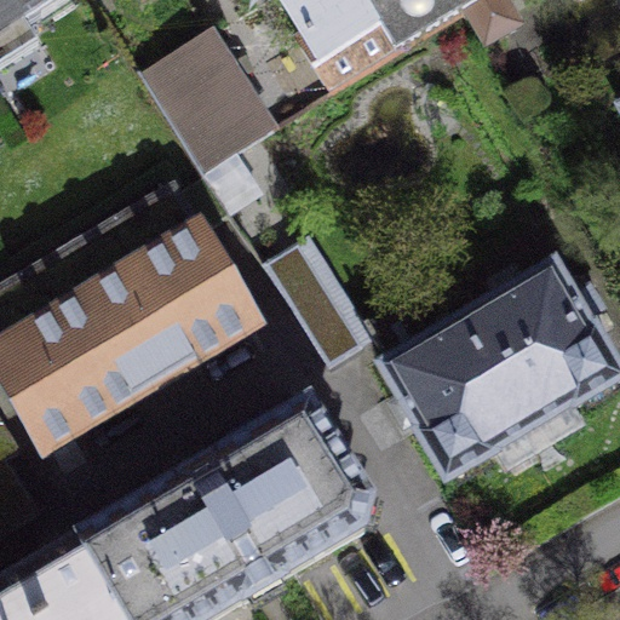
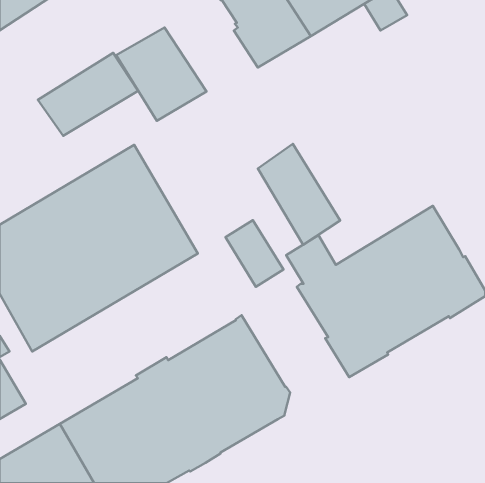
building: none -> [38,53,138,136]
building: none -> [258,144,340,245]

